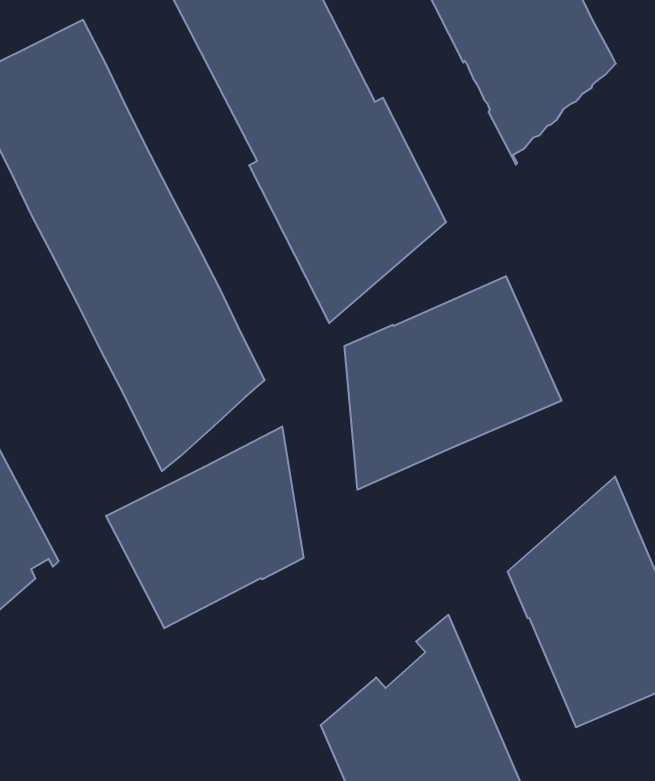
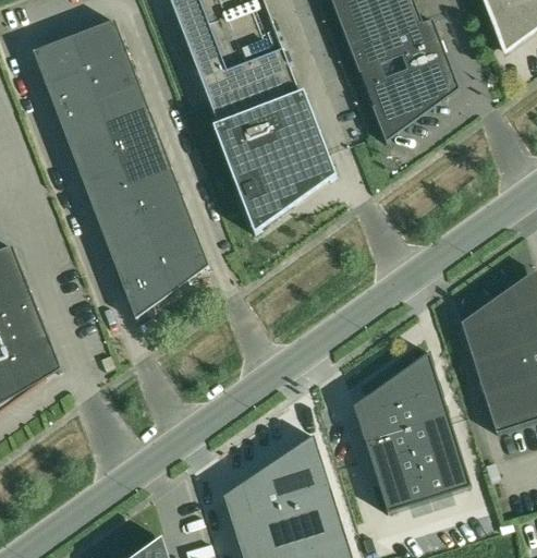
building: [345,276,561,490] -> none
building: [106,426,304,628] -> none

